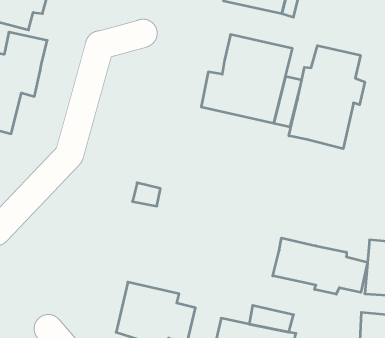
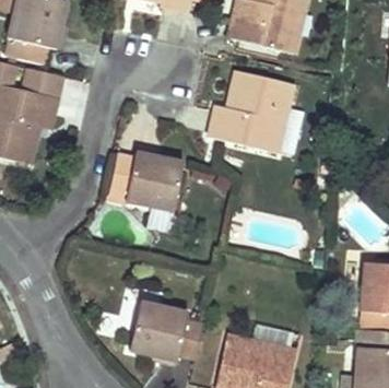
building: [289,46,365,149] -> none
building: none -> [107,148,185,211]
building: [273,238,367,294] -> none

